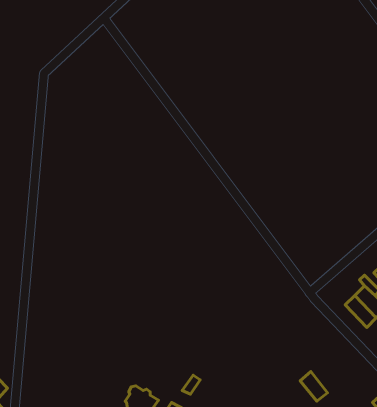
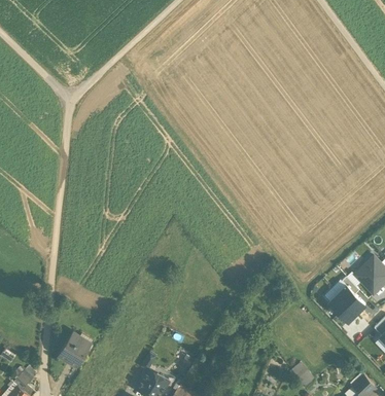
building: none -> [57,335,89,369]

